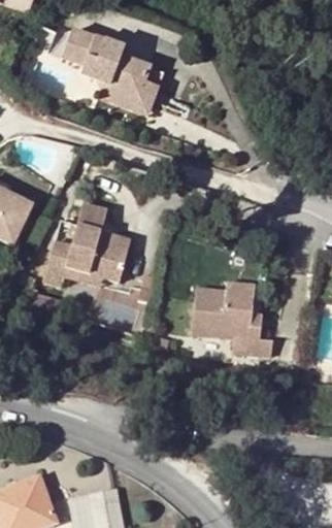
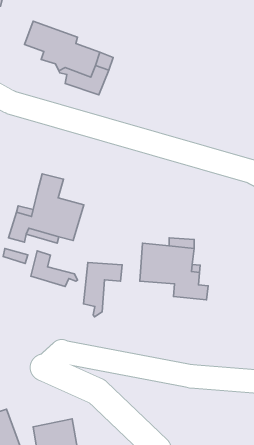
building: none -> [31,251,77,286]
building: none -> [83,262,122,317]

